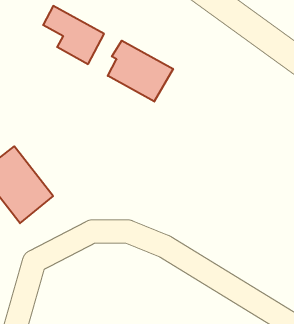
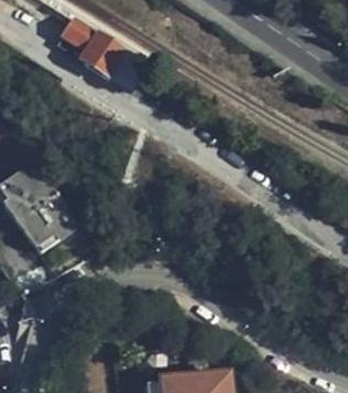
building: [108,41,173,102] -> none

